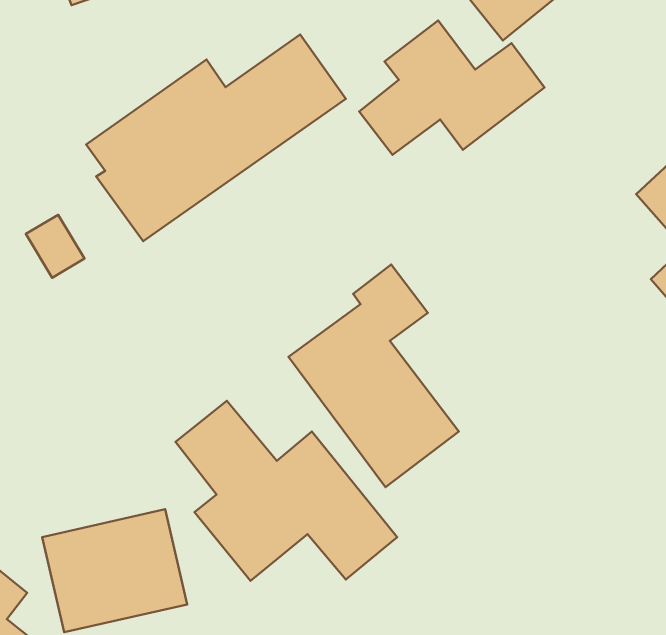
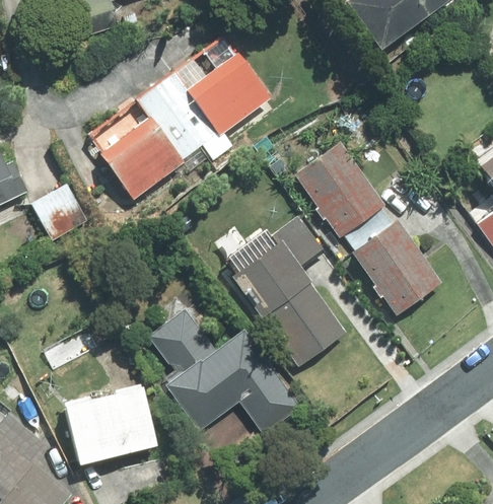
building: [359,21,545,155] -> none
building: none -> [294,142,445,318]

